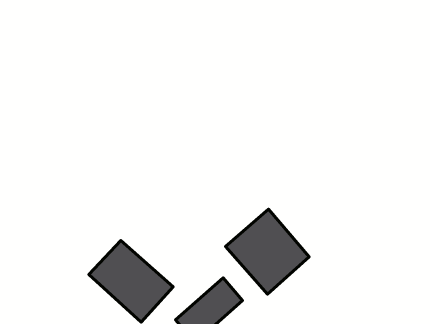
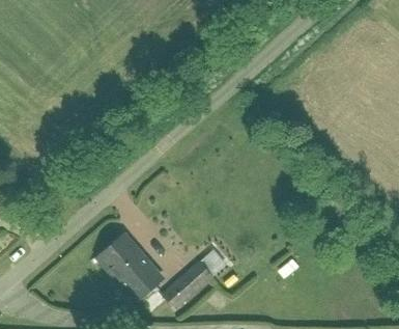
building: [226,209,309,294] -> none

